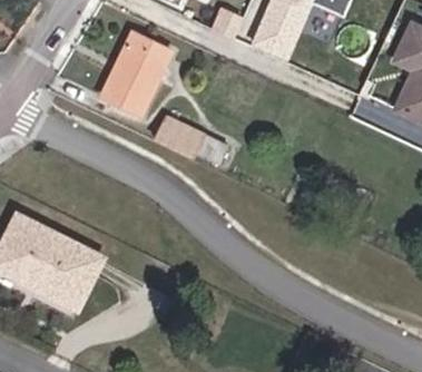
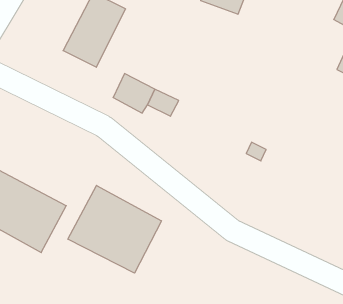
building: none -> [68,185,161,273]

